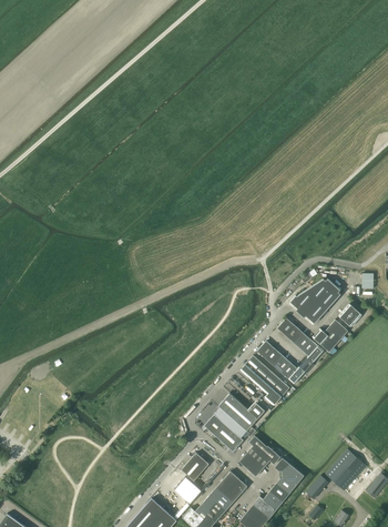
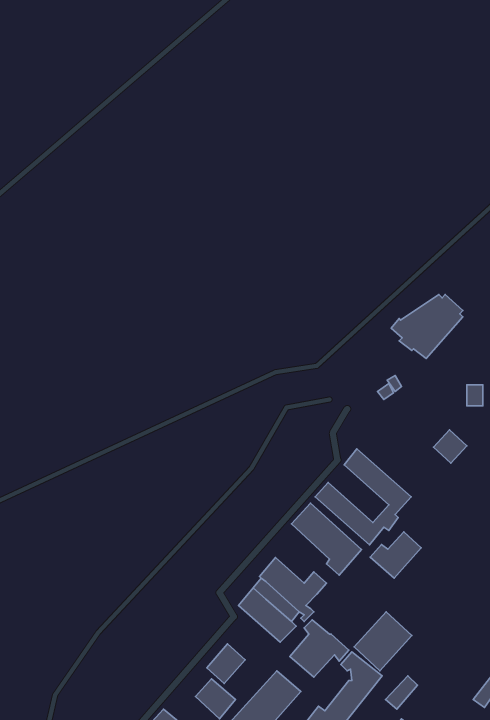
building: [290,278,340,323] -> [391,295,463,358]
building: [313,320,348,352] -> [370,532,421,578]
building: [326,449,366,490] -> [354,612,412,671]

